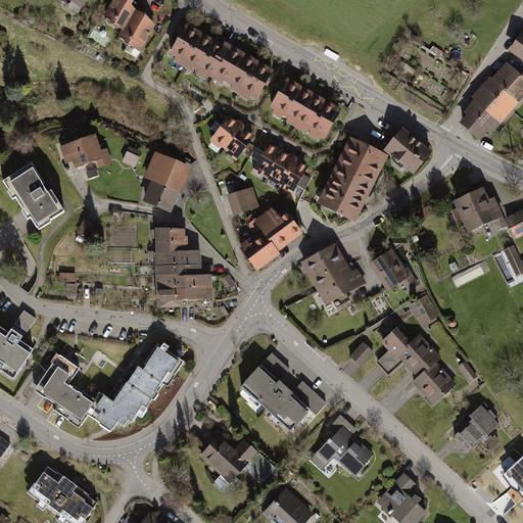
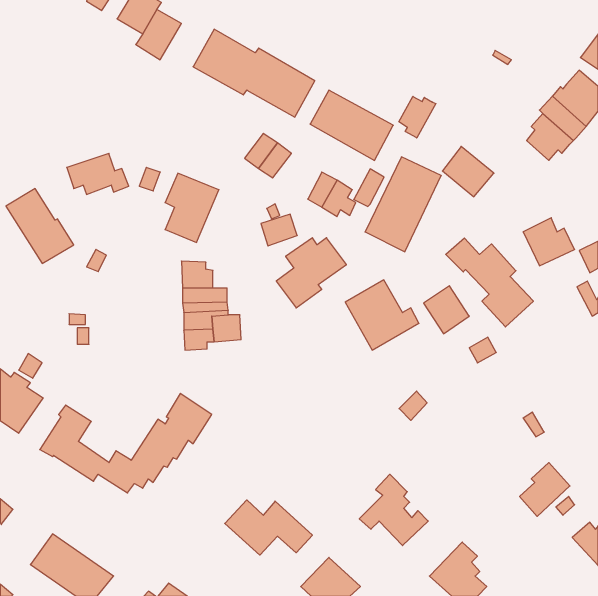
building: none -> [399,96,436,138]
building: [254,143,281,176] -> [354,169,384,206]
building: [379,328,456,406] -> [446,238,533,327]
building: [239,352,325,431] -> none

